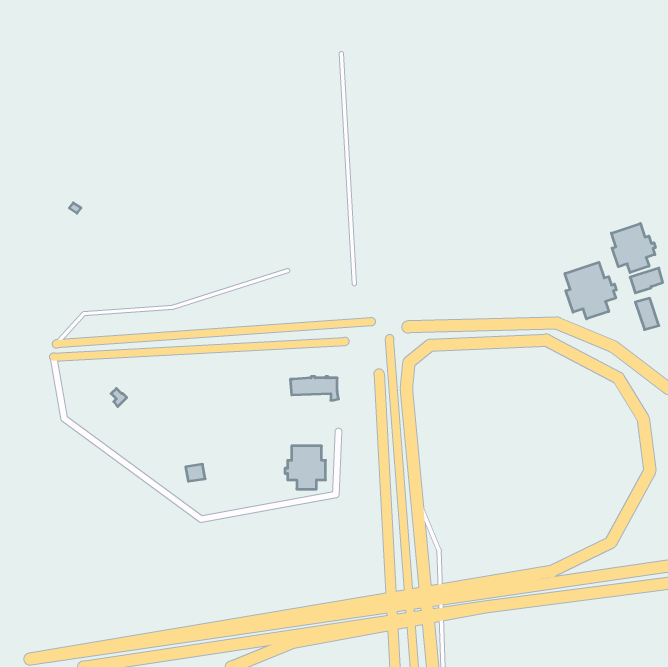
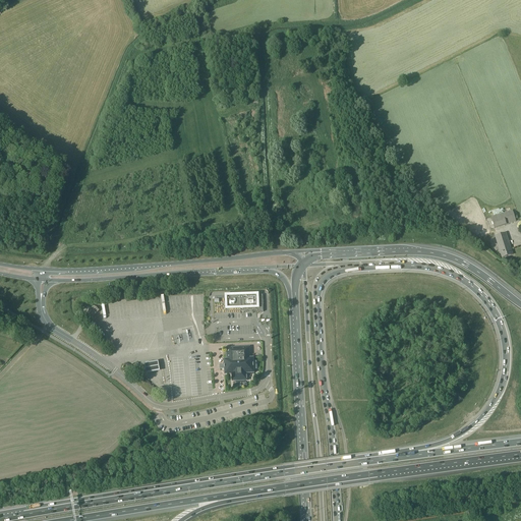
building: [611,223,655,273] -> none
building: [565,262,616,319] -> none

